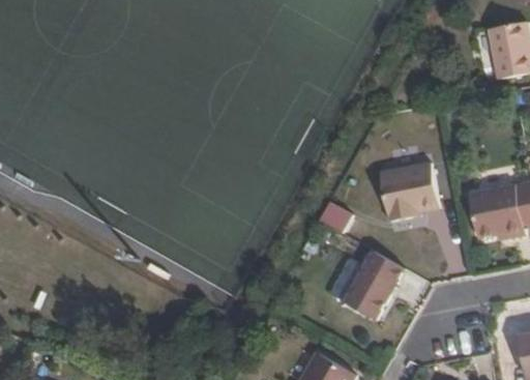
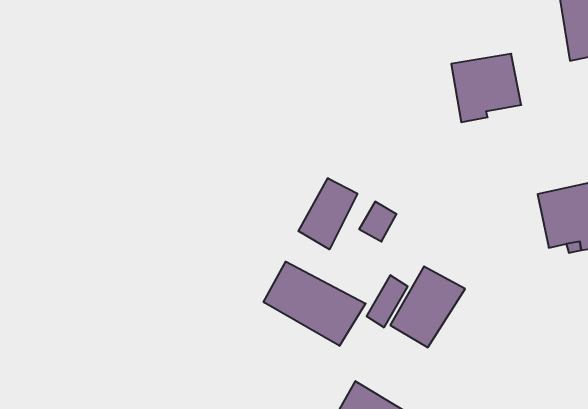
building: [382,162,440,218] -> [451,54,521,122]
building: none -> [298,178,357,249]
building: none -> [264,262,366,346]

